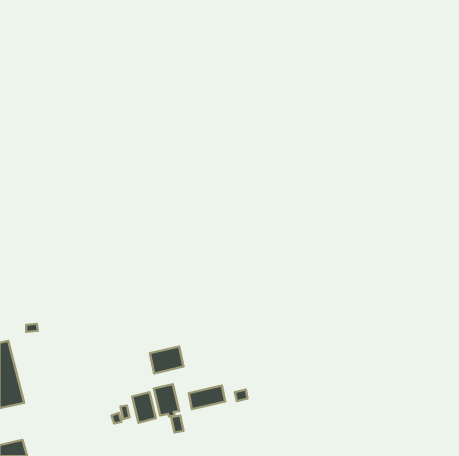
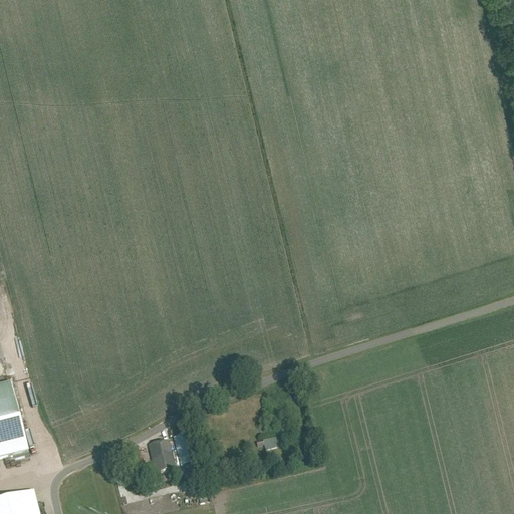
building: [150,346,183,373] -> none
building: [189,385,225,409] -> none

